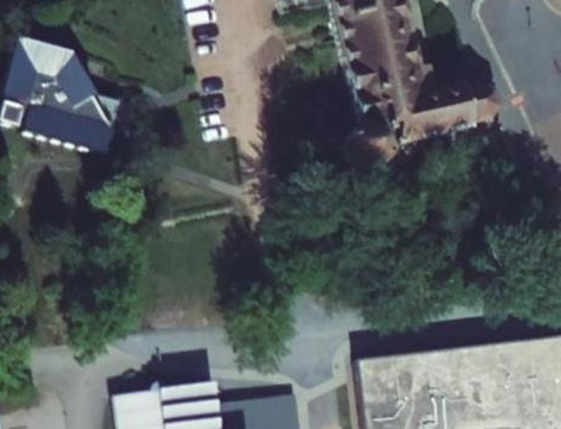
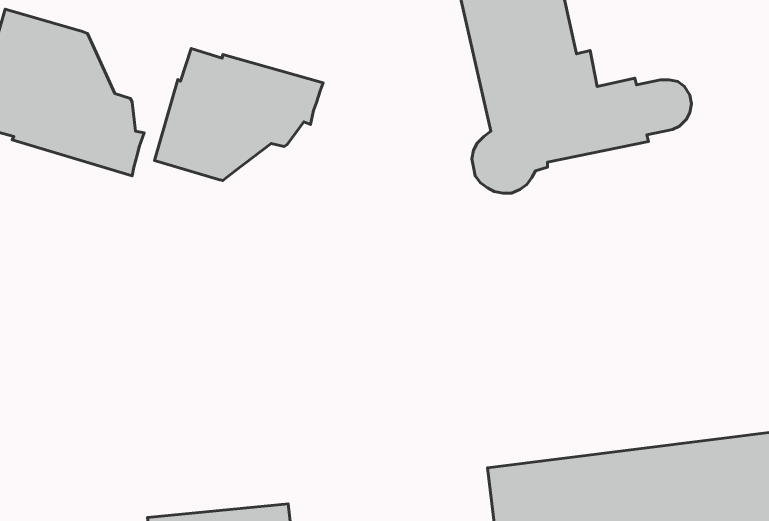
building: none -> [154,48,323,180]

